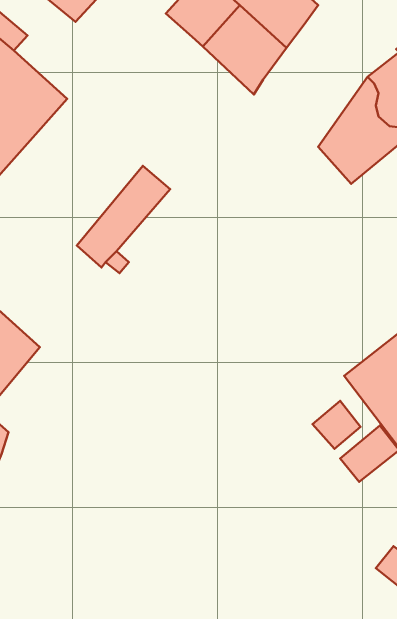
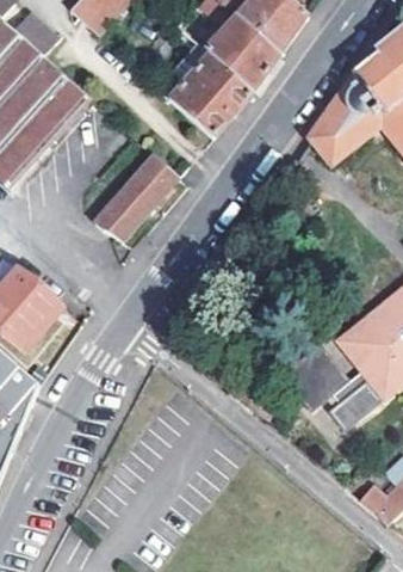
building: none -> [160,42,253,136]

